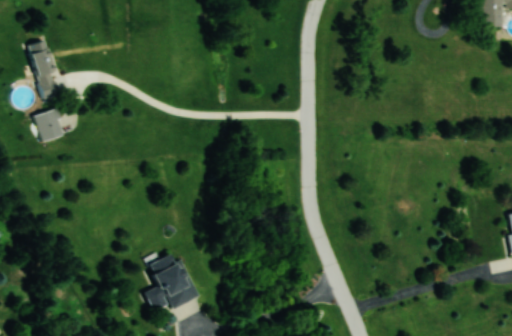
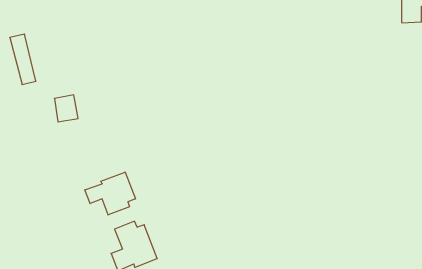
building: [36,110,63,141] -> [54,95,78,122]
building: none -> [85,172,135,215]

